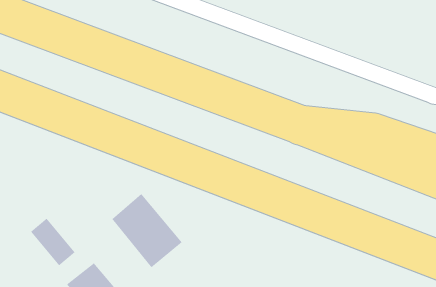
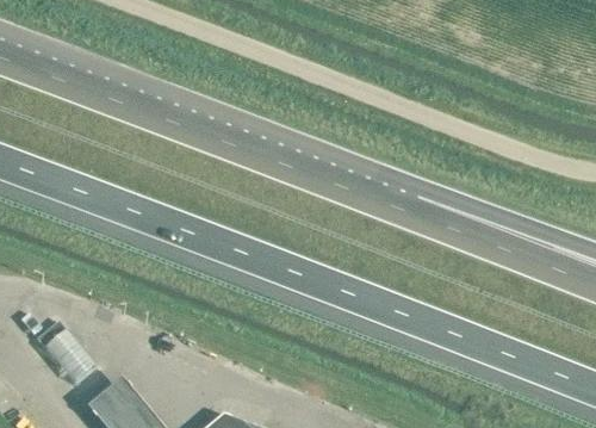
building: [111,193,182,268] -> none

